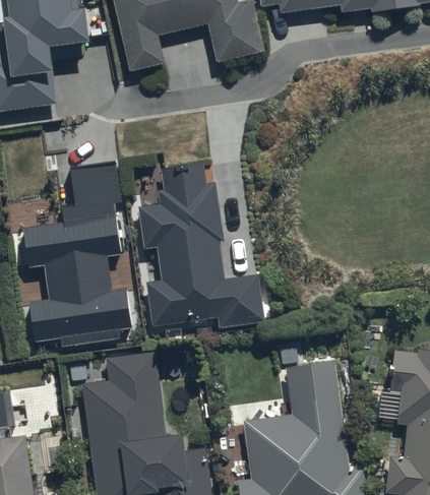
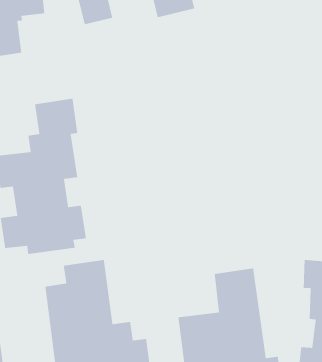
building: [137,160,263,327] -> none

